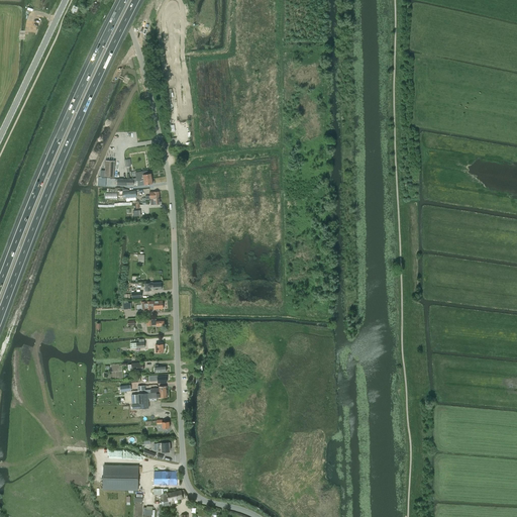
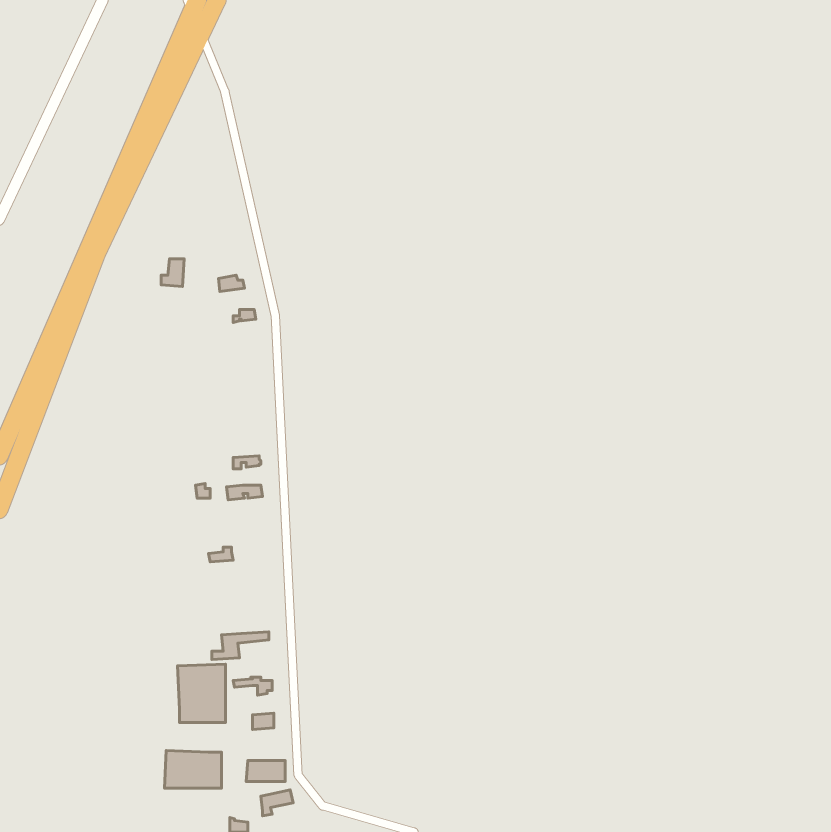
building: none -> [178,664,225,722]

